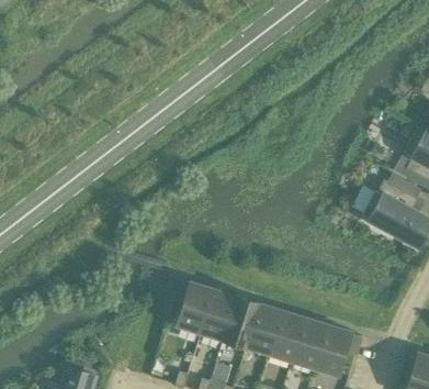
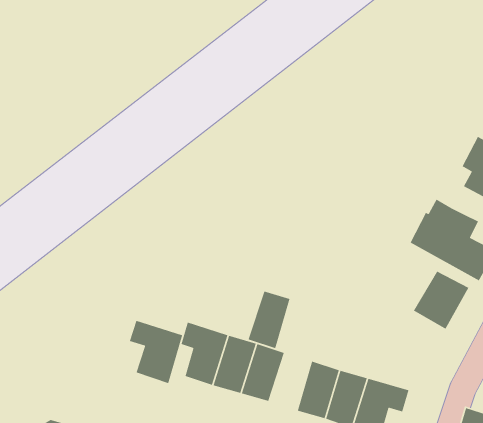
building: none -> [413,270,469,330]
building: none -> [129,320,183,384]
building: [246,305,281,354] -> [248,290,290,349]

